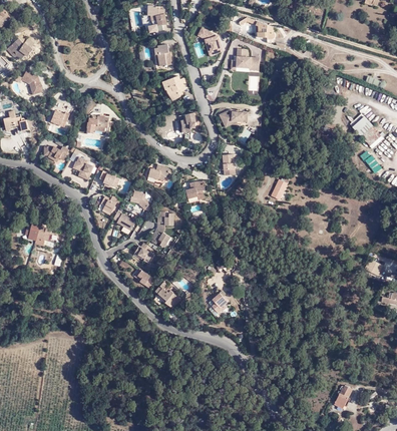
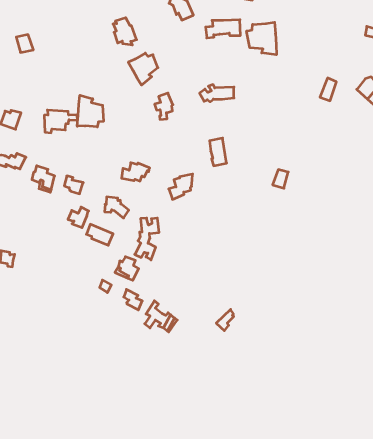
building: none -> [247,22,276,55]
building: none -> [77,95,103,127]

